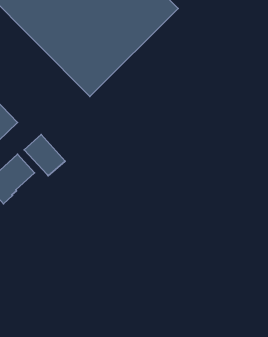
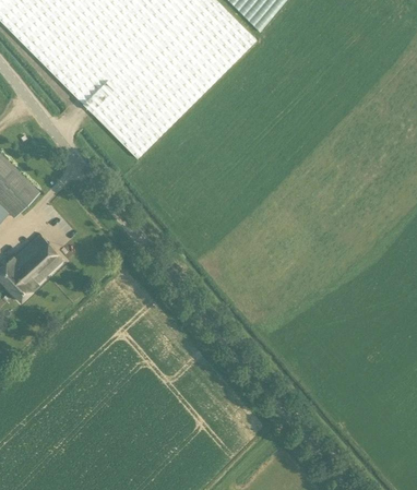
building: [24,134,65,176] -> none

